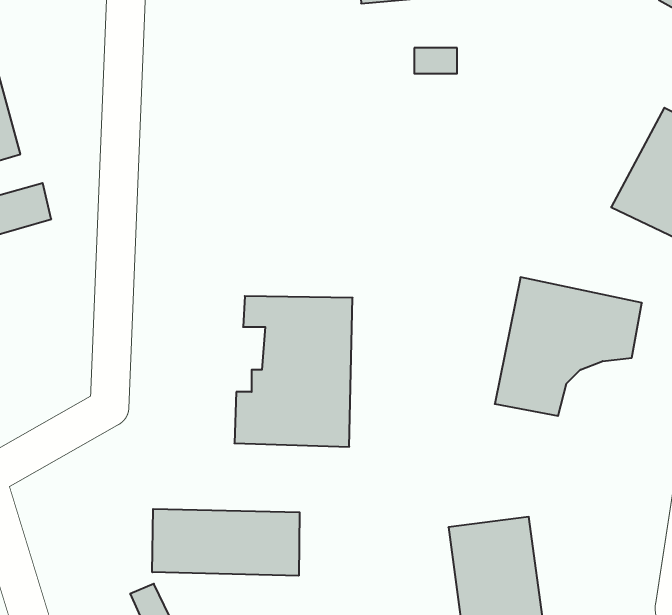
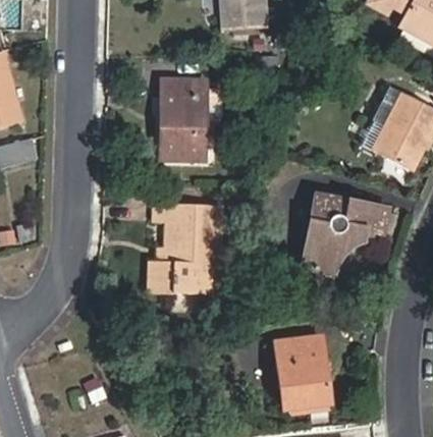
building: none -> [159,78,207,162]
building: [152,509,300,576] -> none

